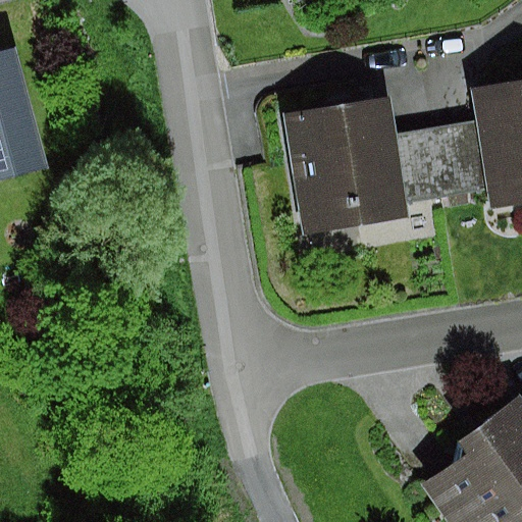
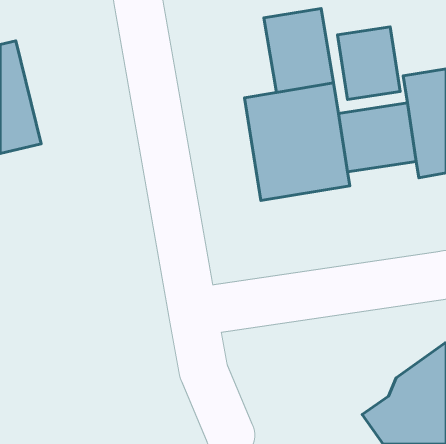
building: none -> [264,8,334,92]
building: none -> [337,27,400,100]

